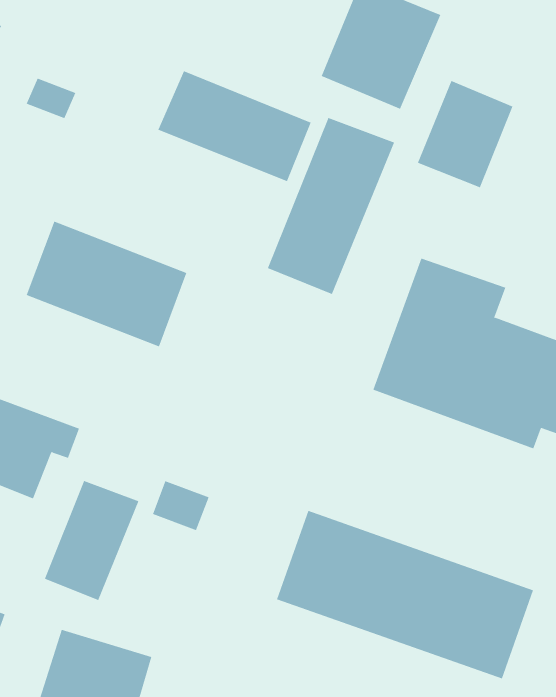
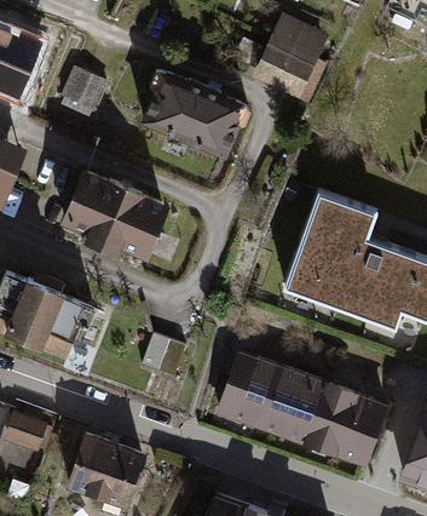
building: [417,80,513,188] -> none
building: [267,117,395,295] -> none
building: [44,480,139,601] -> none

